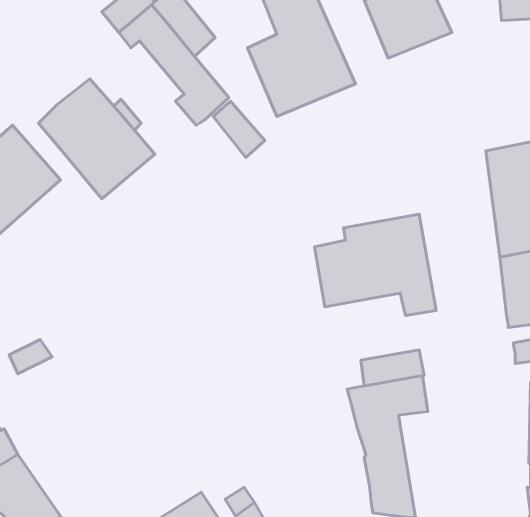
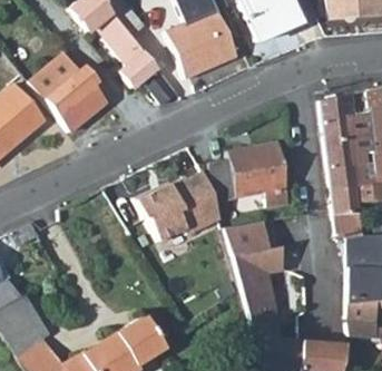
building: none -> [136,172,221,240]

